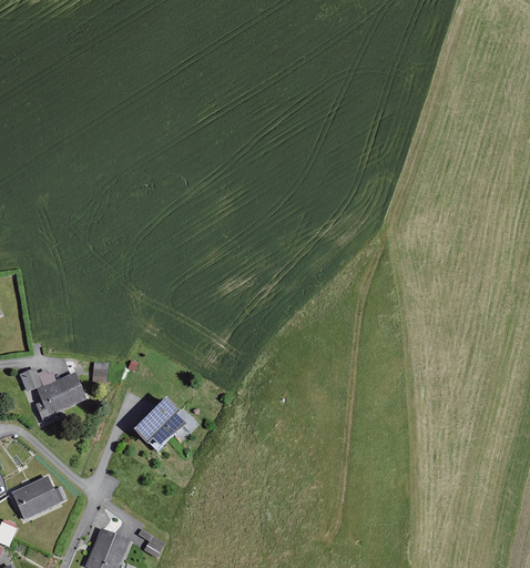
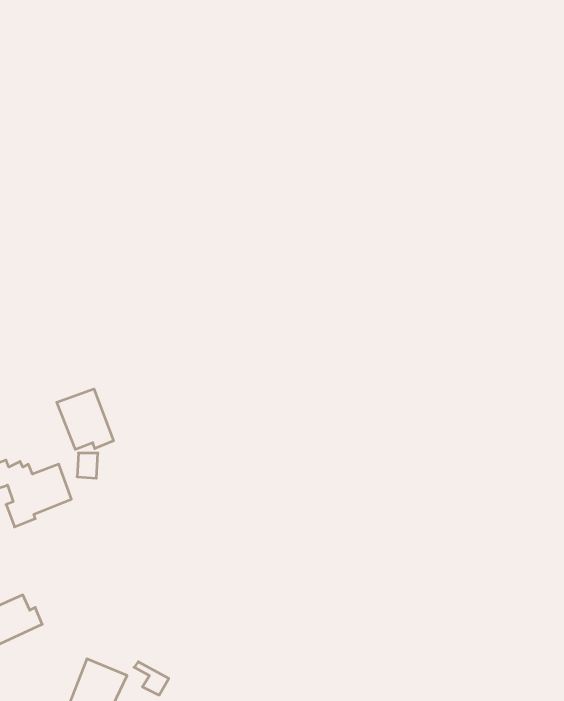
building: none -> [57,389,113,449]
building: [135,398,188,445] -> none

